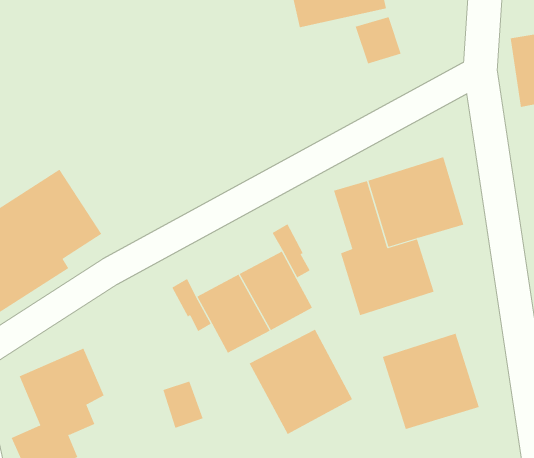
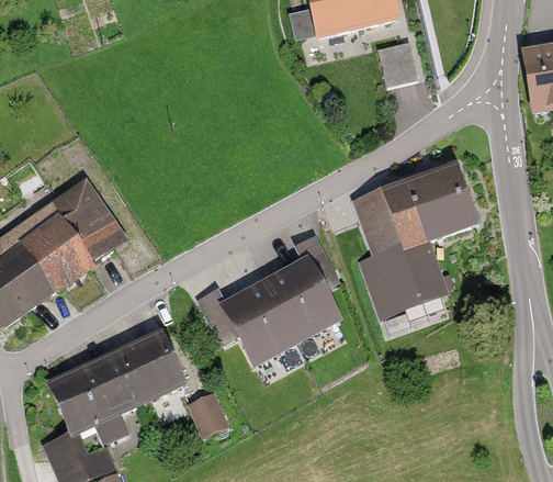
building: none -> [112,329,180,396]
building: [249,329,353,435] -> none
building: [382,333,480,430] -> none

